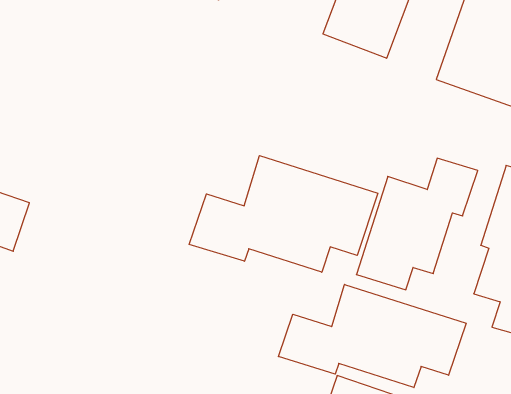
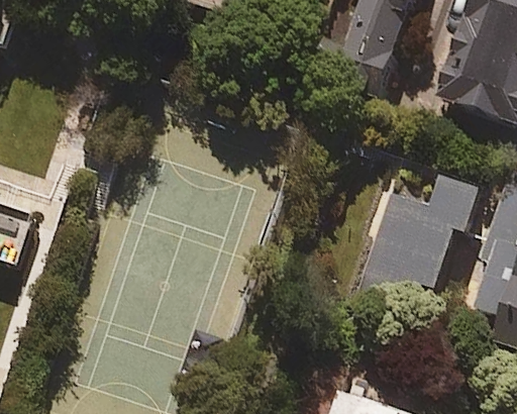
building: [189,156,378,272] -> none
building: [278,284,466,388] -> none

